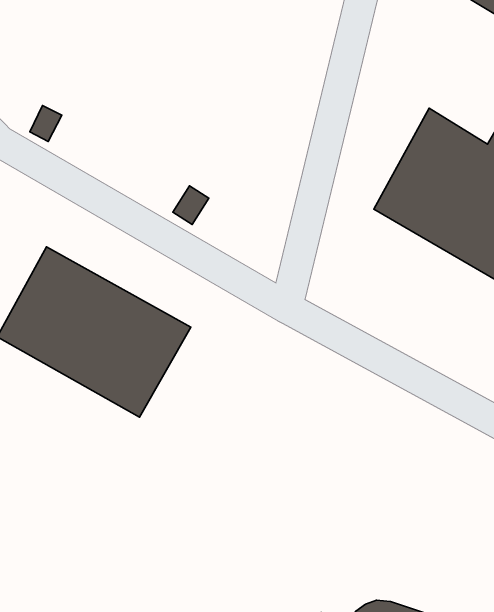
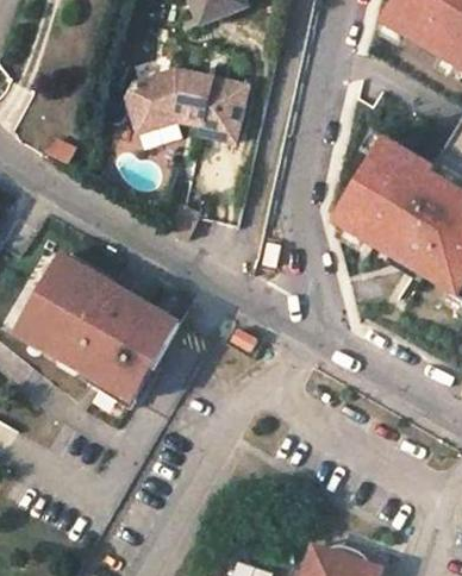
building: none -> [118,64,249,145]

